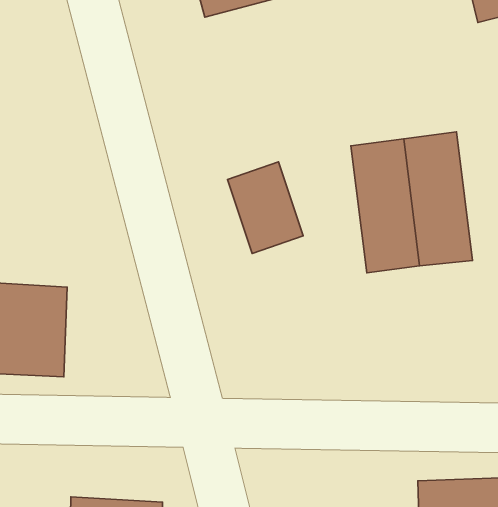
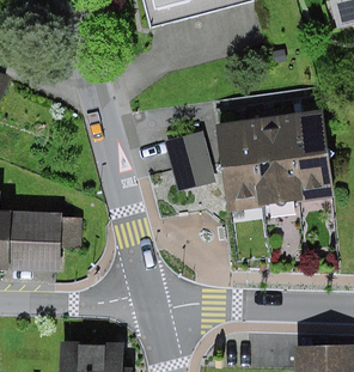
building: none -> [214,115,261,206]

